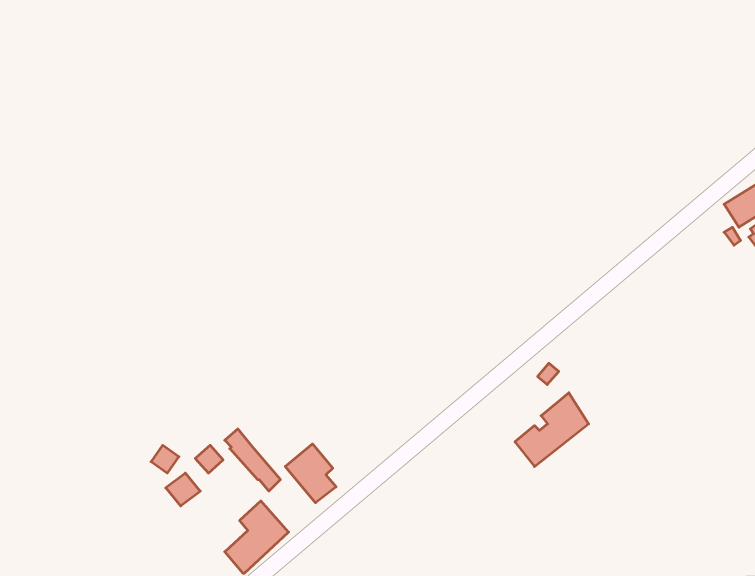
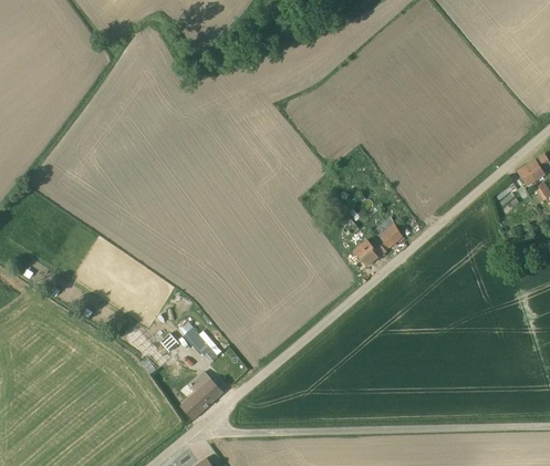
building: [515,393,589,467] -> [353,217,403,267]
building: [285,444,336,503] -> none

